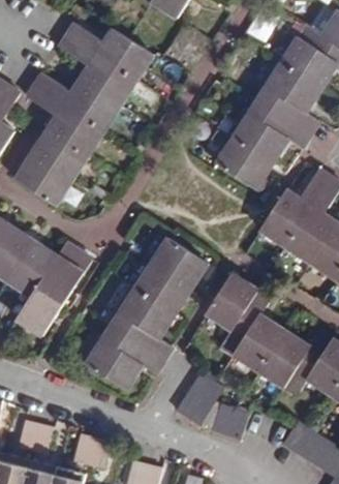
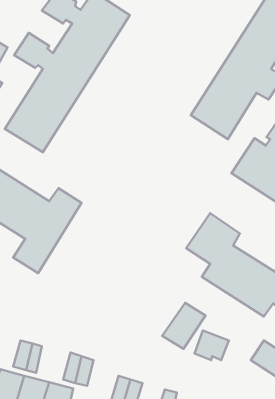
building: [90,241,212,394] -> none

